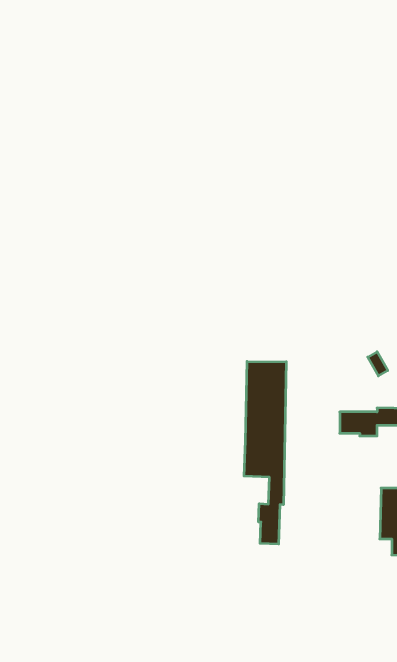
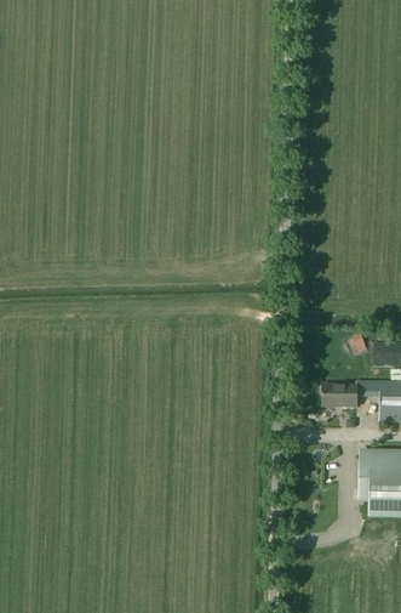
building: [244,361,286,544] -> none

